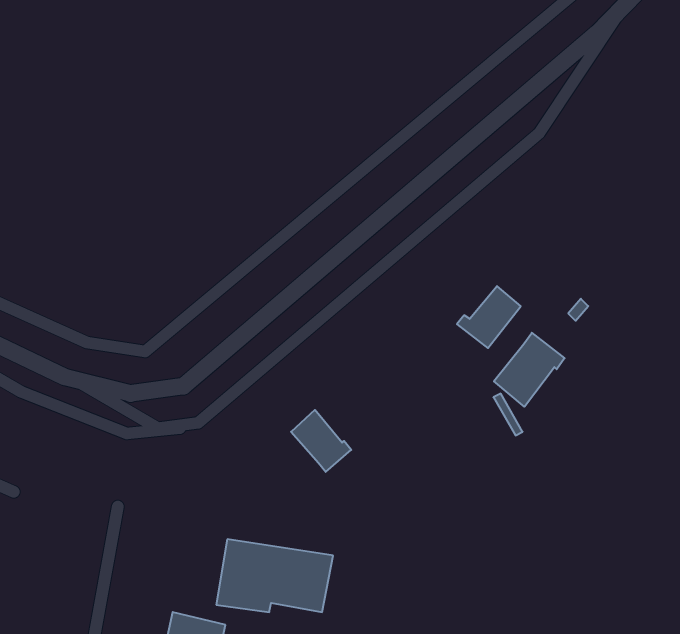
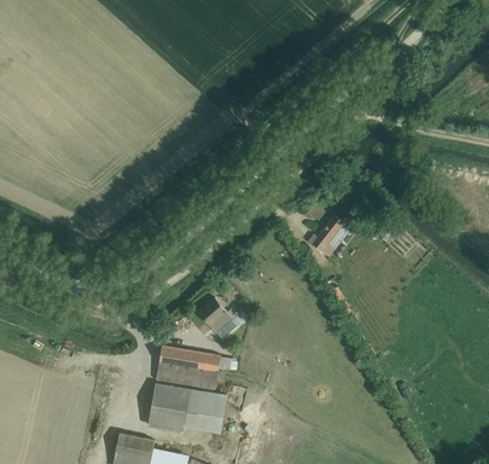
building: [494,333,565,407] -> none
building: none -> [156,344,237,389]

